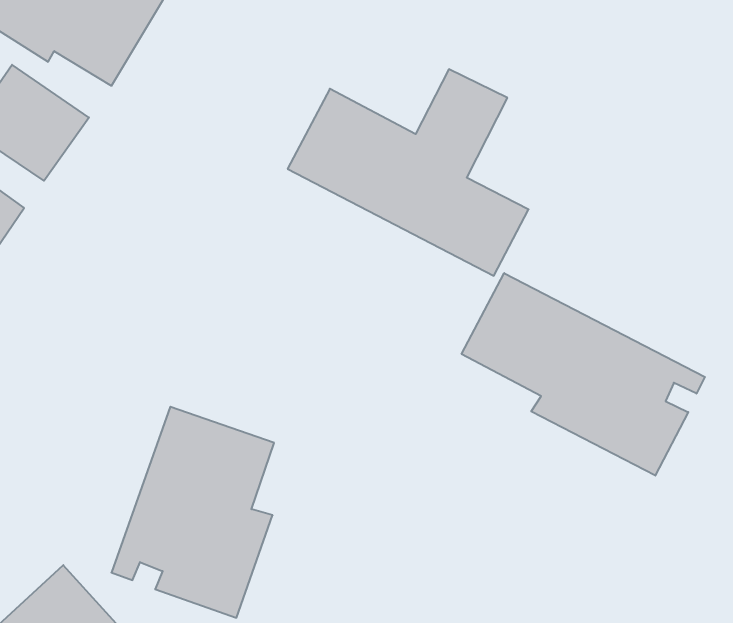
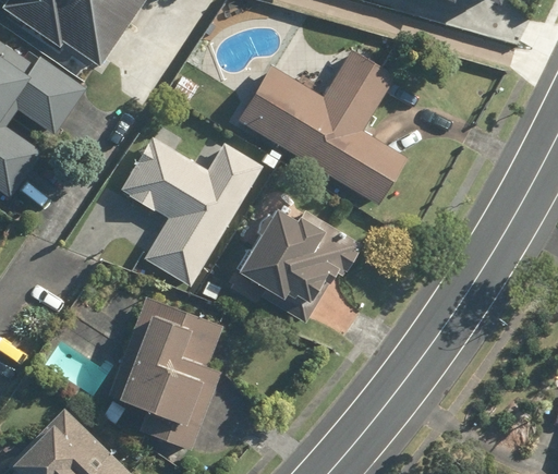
building: none -> [120,134,262,287]
building: [462,273,705,476] -> none
building: none -> [230,203,361,323]

